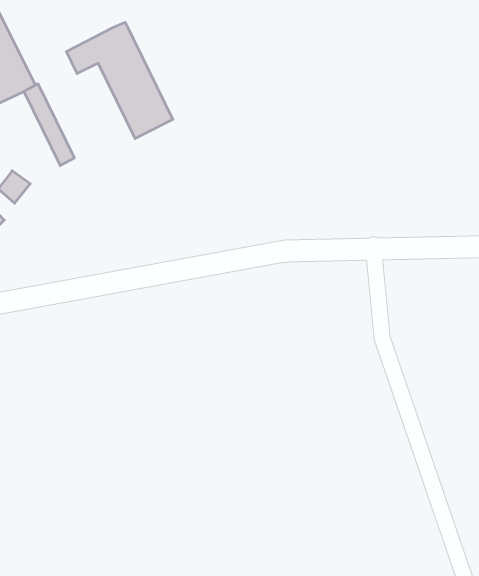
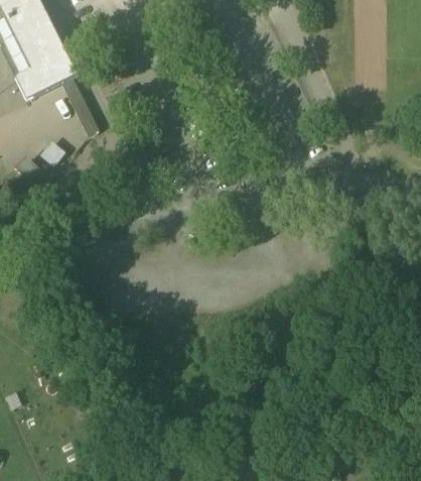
building: [66,22,173,139] -> none

